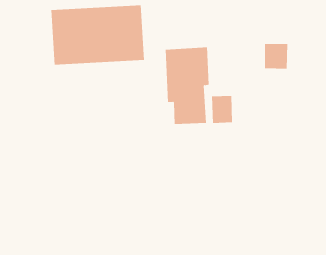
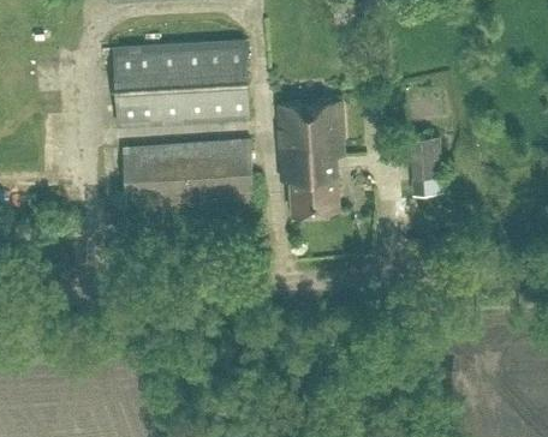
building: none -> [123,139,255,212]
building: [211,95,233,123] -> [410,138,441,179]

